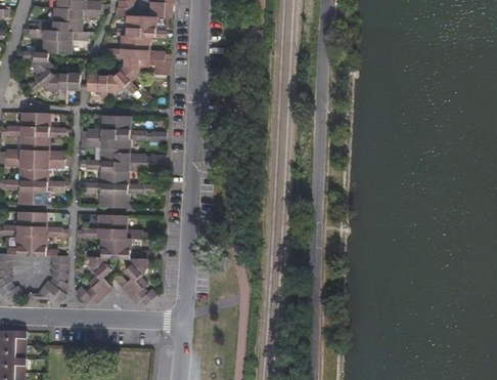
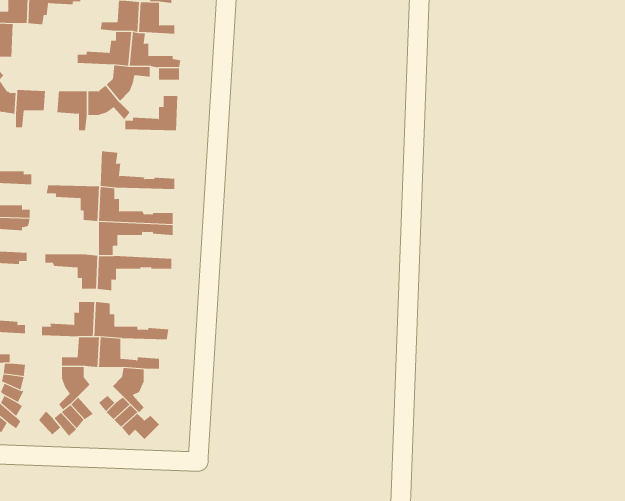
building: [57,30,93,53] -> none
building: [81,115,117,138] -> [124,96,178,131]
building: [80,160,115,184] -> none

